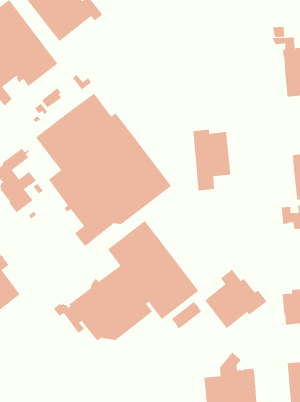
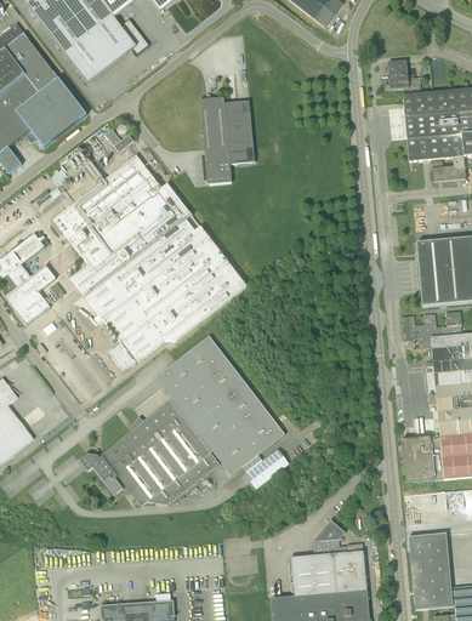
building: [193,129,231,191] -> [200,97,255,184]
building: [204,269,267,329] -> none

